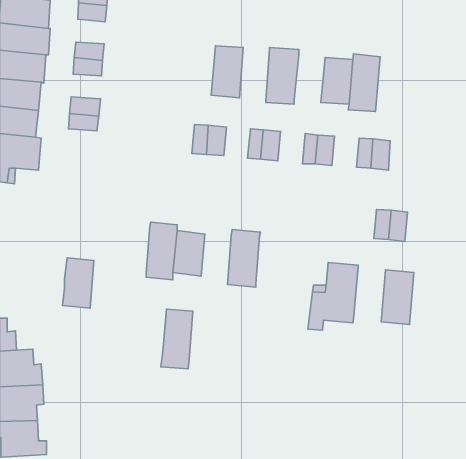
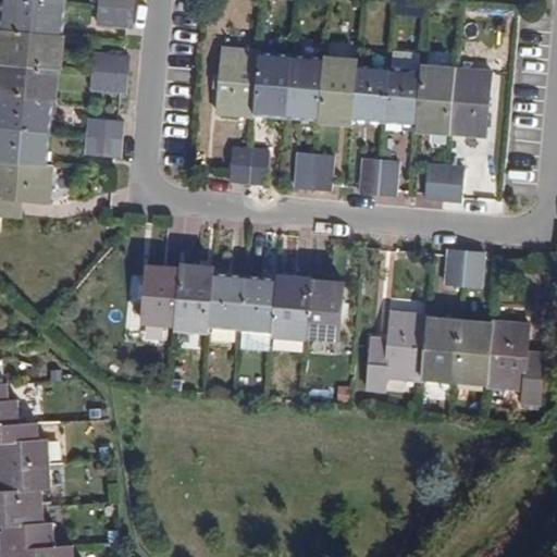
building: none -> [214,48,257,116]
building: none -> [285,57,321,120]
building: none -> [350,65,387,122]
building: none -> [447,67,493,136]
building: none -> [305,281,344,339]
building: [63,258,94,308] -> [141,265,178,325]
building: none -> [421,318,459,383]
building: none -> [487,321,546,407]
building: [161,309,193,369] -> [237,278,275,349]

